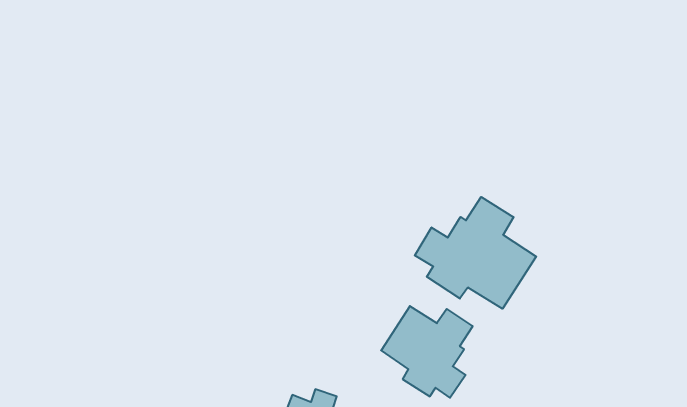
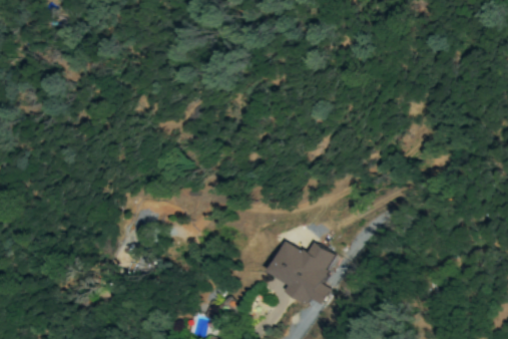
building: [415,197,536,309] -> none

